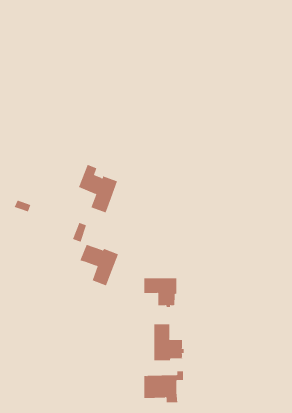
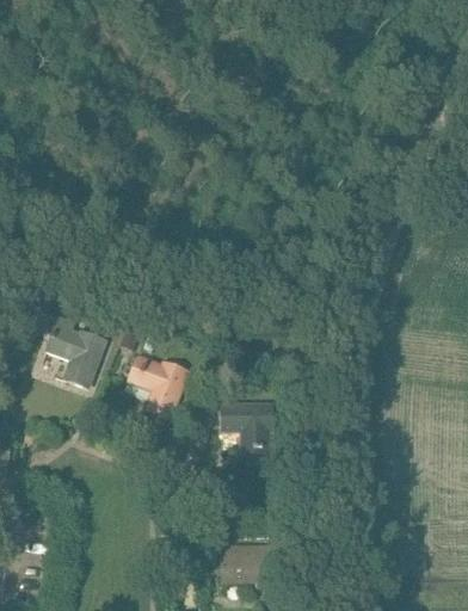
building: [78,164,118,213] -> [47,315,104,387]
building: [154,323,194,361] -> none

